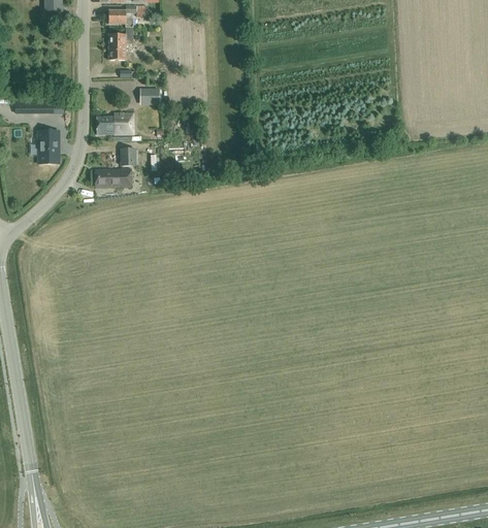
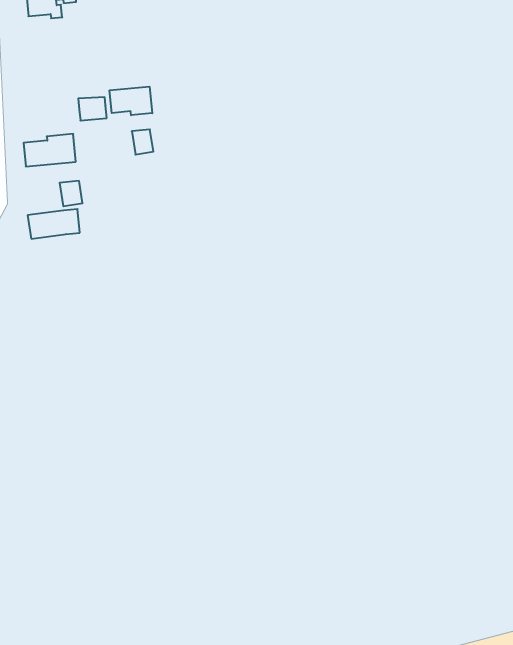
building: [108,28,132,61] -> none
building: none -> [110,87,152,115]

